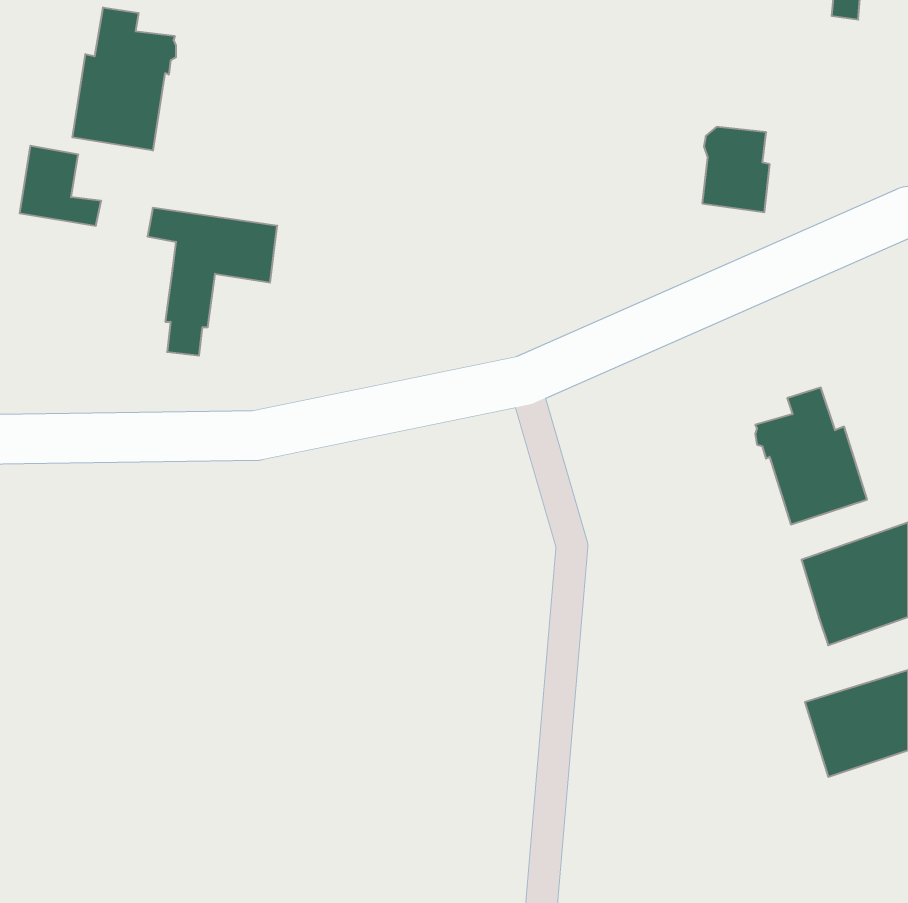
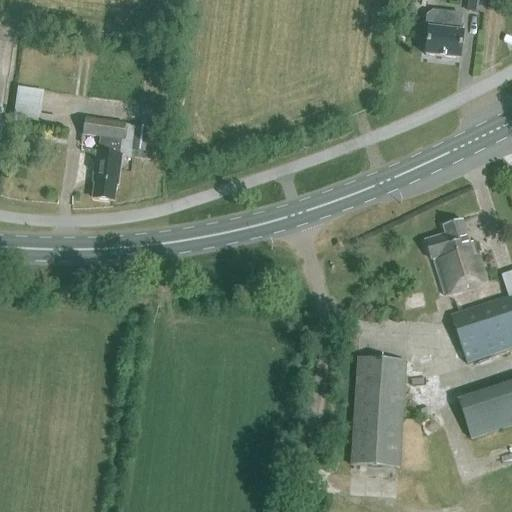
building: [72,7,176,151] -> none
building: [702,127,770,212] -> [426,10,464,58]
building: none -> [351,357,406,467]

